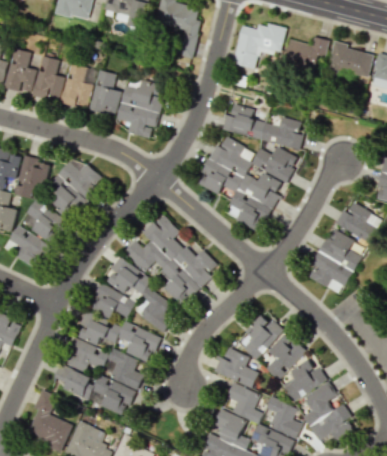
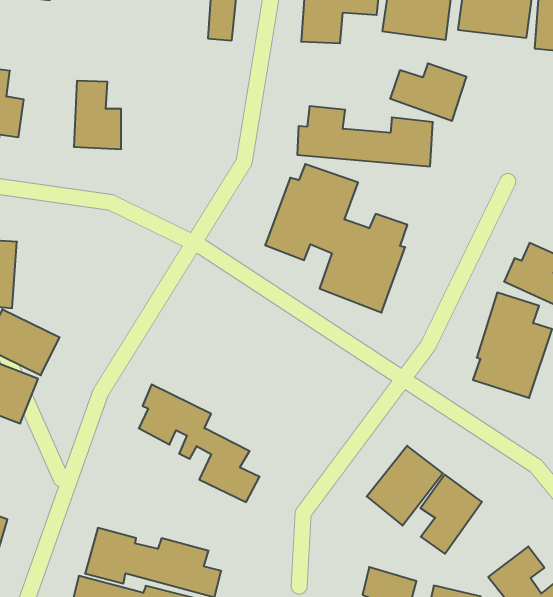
building: [60,63,93,107] -> none
building: [117,80,165,138] -> none
building: [252,146,299,182] -> [390,63,467,121]
building: [48,155,103,219] -> none
building: [124,213,220,306] -> none
building: [89,284,135,317] -> none
building: [78,311,161,362] -> none
building: [214,347,258,387] -> none
building: [283,358,327,401] -> none

